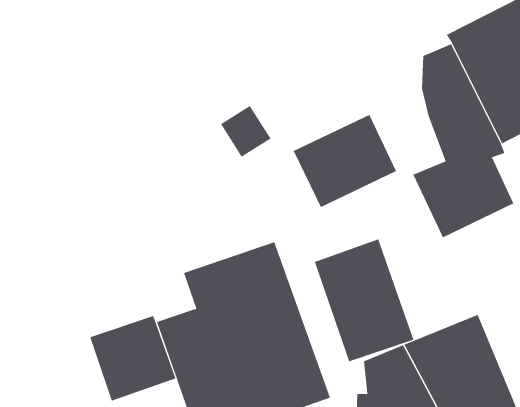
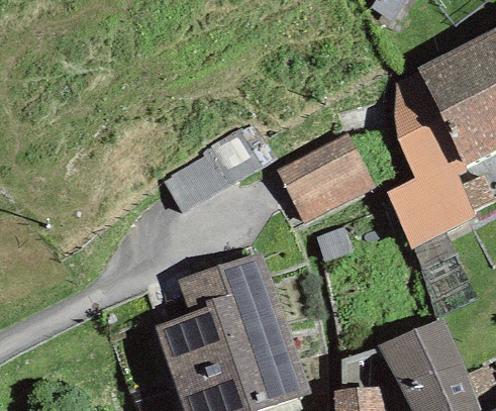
building: [314,238,414,362] -> none
building: [89,315,176,401] -> none

